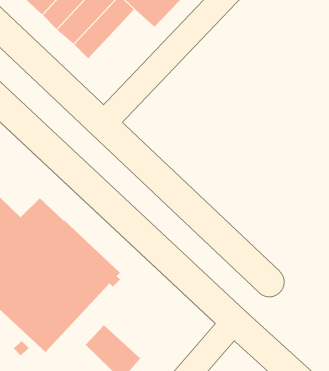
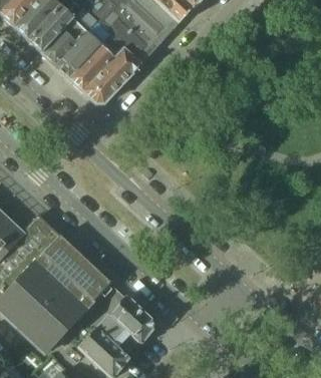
building: none -> [81,47,140,104]
building: none -> [95,296,152,358]

